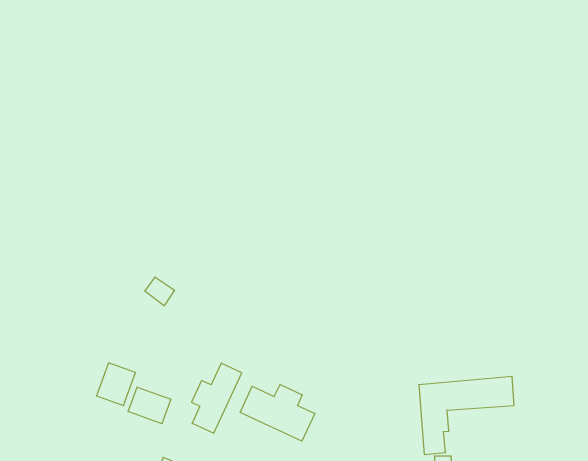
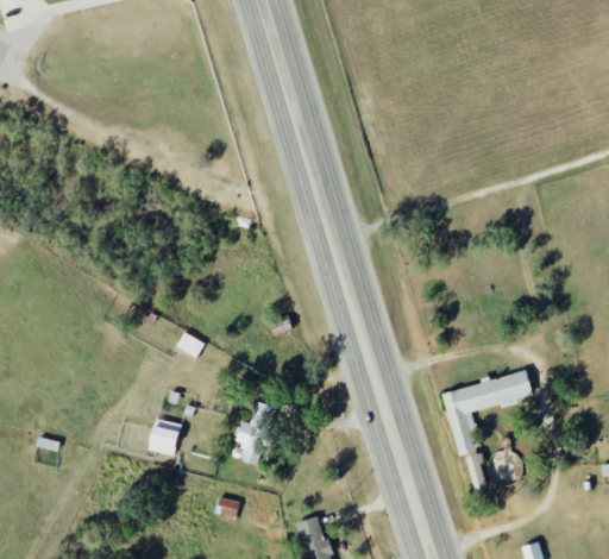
building: [240,384,315,441] -> none
building: [128,387,171,424] -> none

